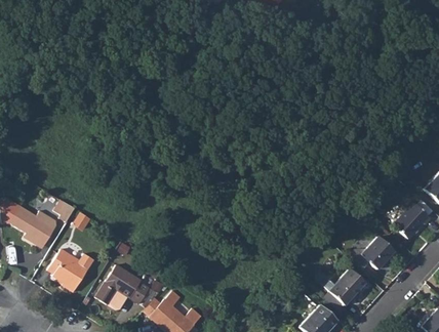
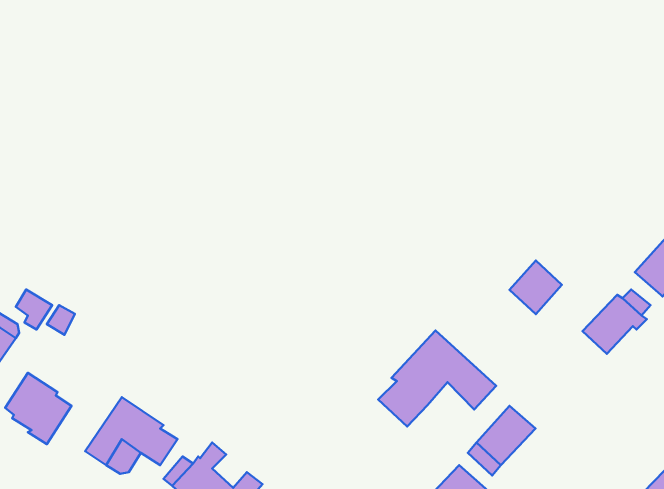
building: none -> [378,330,496,426]
building: [359,239,390,271] -> [510,260,562,314]

